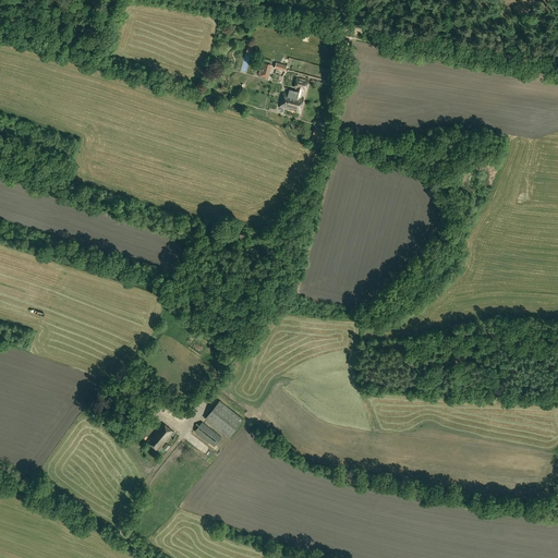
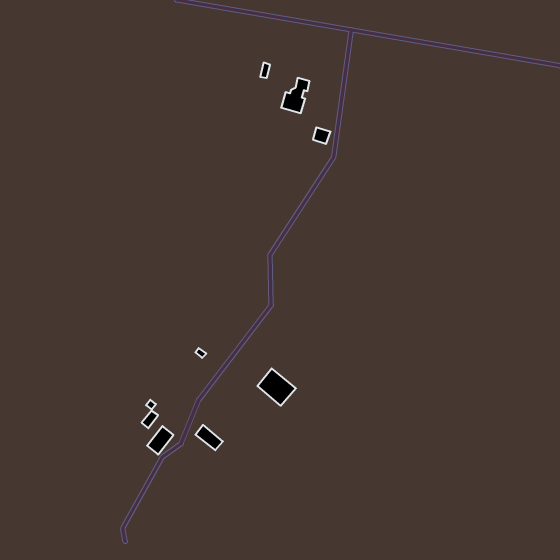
building: [205,402,243,439] -> [257,368,296,406]

